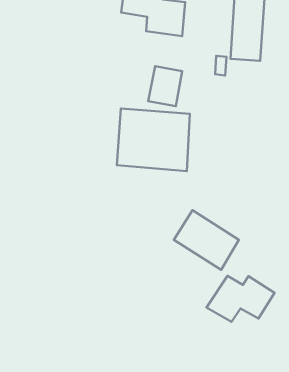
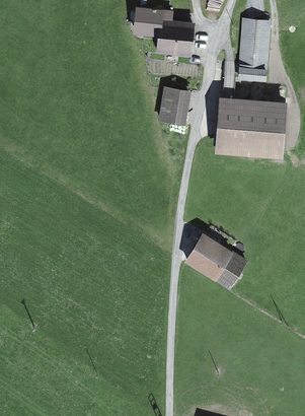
building: [117,109,190,171] -> [214,97,286,159]
building: [207,276,275,322] -> none

